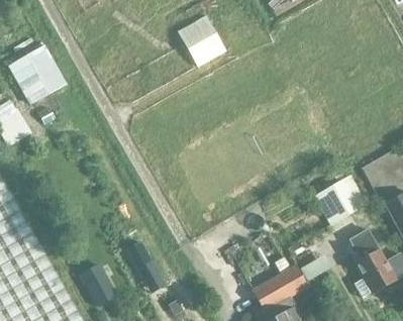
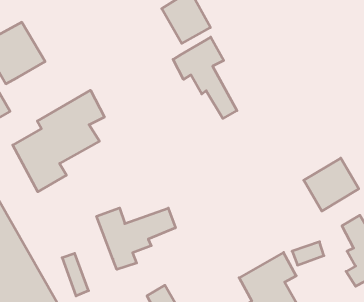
building: none -> [173,37,237,118]
building: none -> [13,90,104,192]
building: none -> [97,208,175,269]

